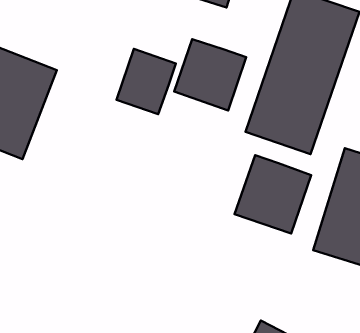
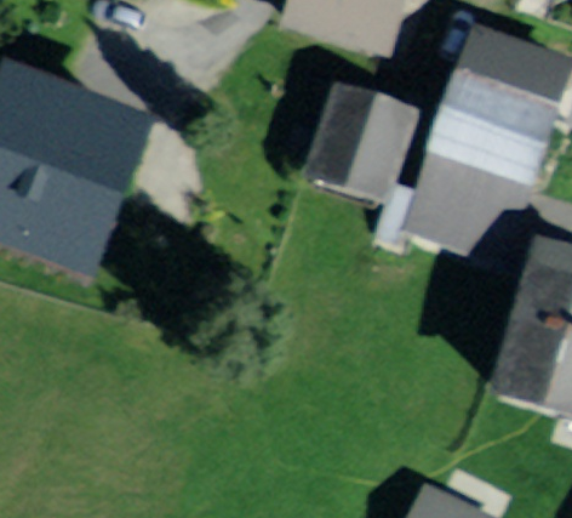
building: [117,49,176,114] -> none
building: [235,155,311,233] -> none

